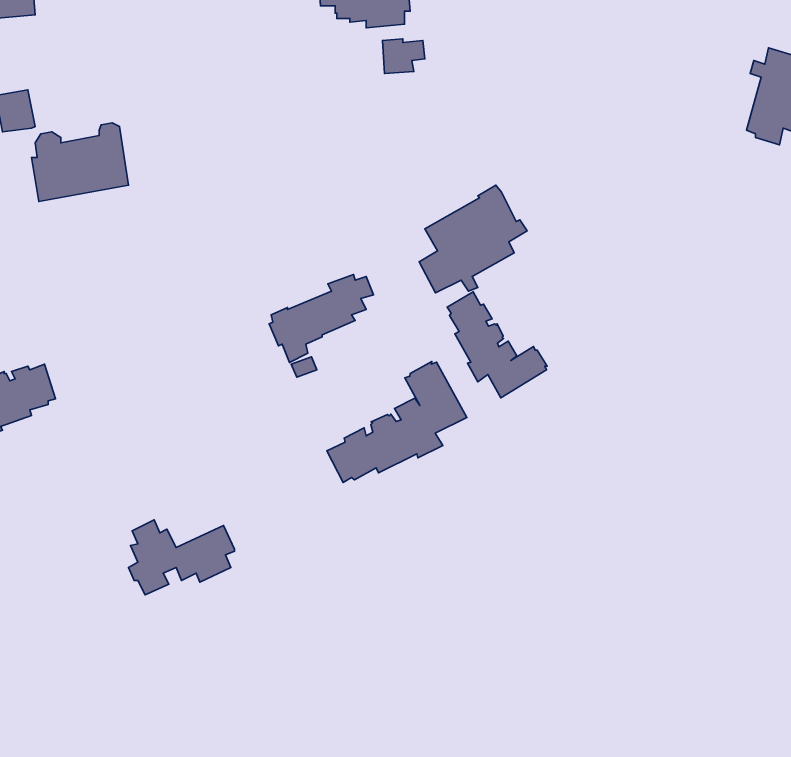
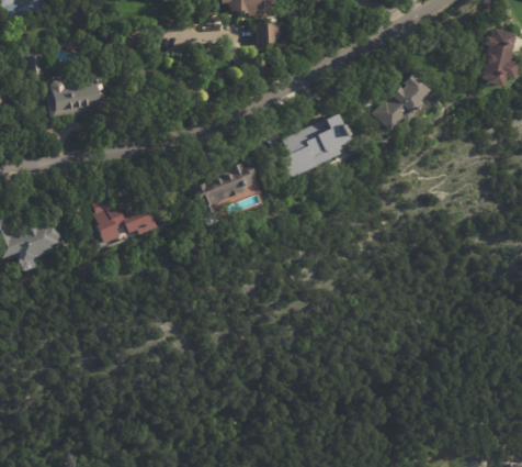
building: none -> [371,71,432,131]
building: [447,292,547,398] -> none
building: [327,362,467,482] -> none
building: [129,520,235,595] -> [97,199,160,244]

